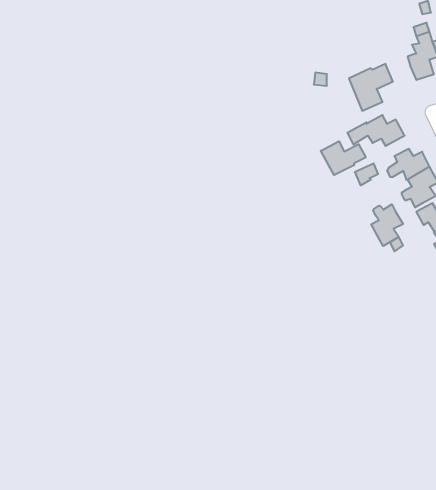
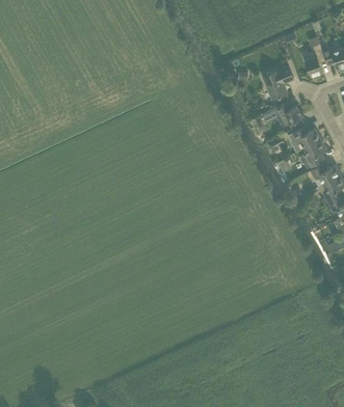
building: [321,141,366,175] -> none
building: [371,204,403,246] -> none

